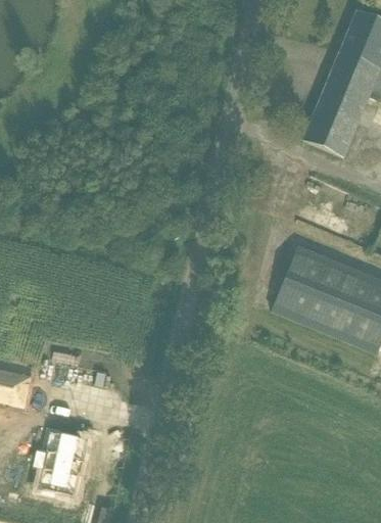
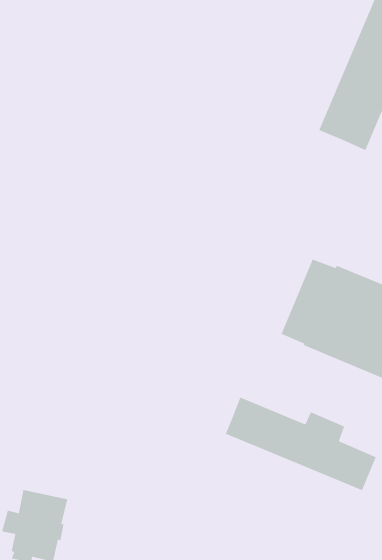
building: none -> [225,397,377,491]

